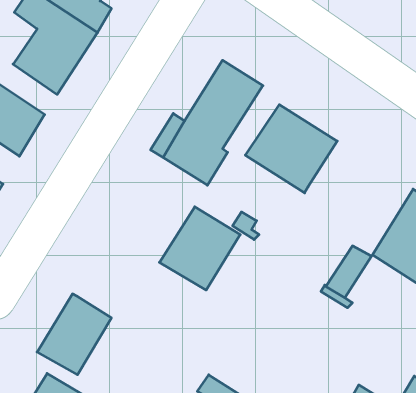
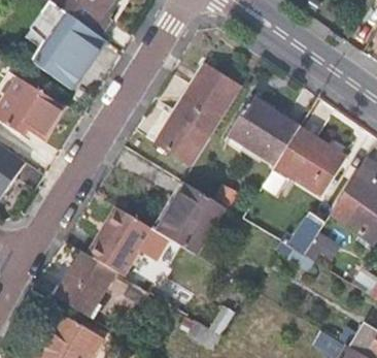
building: none -> [277,127,348,194]
building: none -> [89,205,156,276]

